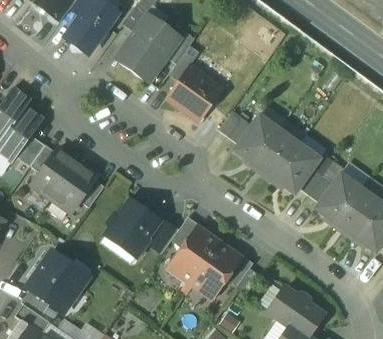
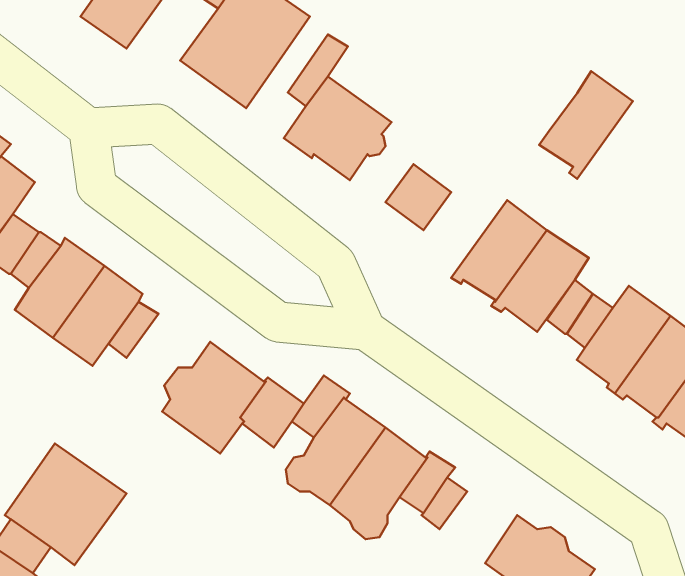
building: [232,113,279,167] -> [539,71,633,179]

